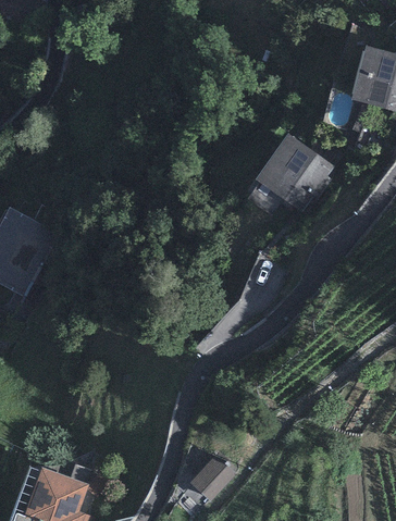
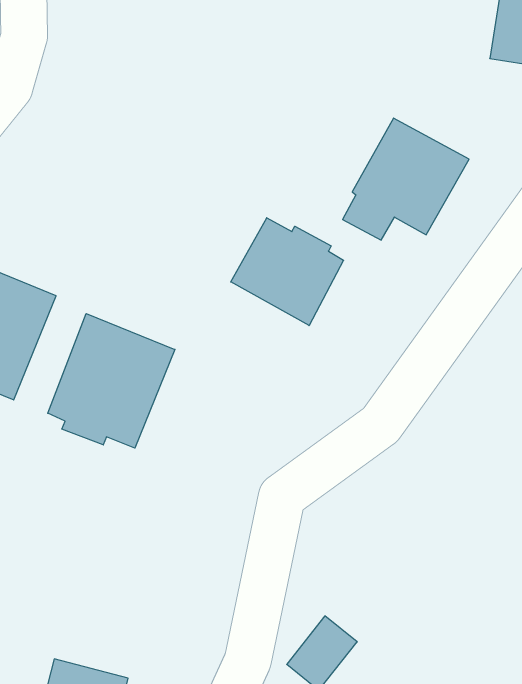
building: none -> [231,218,344,326]
building: none -> [48,314,175,448]

